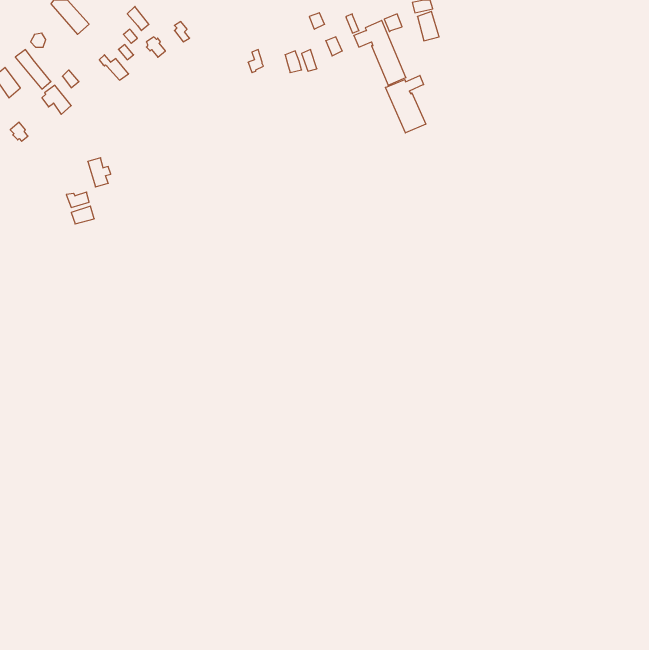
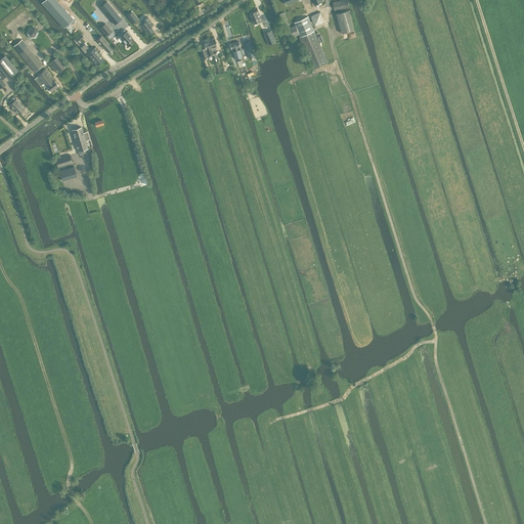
building: [385,75,426,133] -> none

